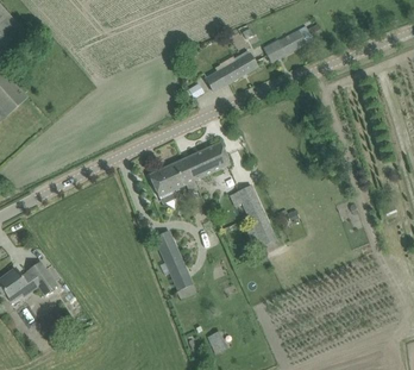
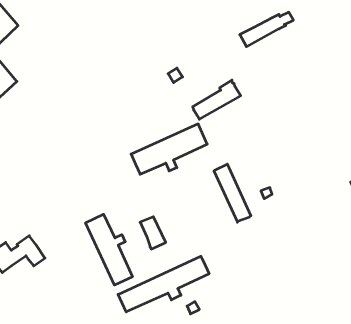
building: [205,50,256,92] -> [193,80,241,119]
building: none -> [86,214,132,285]
building: none -> [118,256,209,312]

